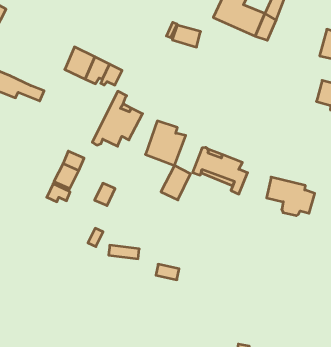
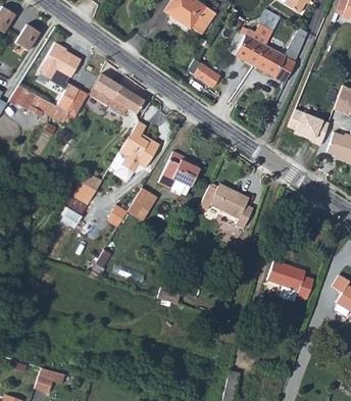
building: none -> [38,43,87,117]
building: none -> [290,106,328,142]
building: [161,166,190,200] -> [127,189,156,221]
building: [267,177,315,216] -> [266,261,312,300]

